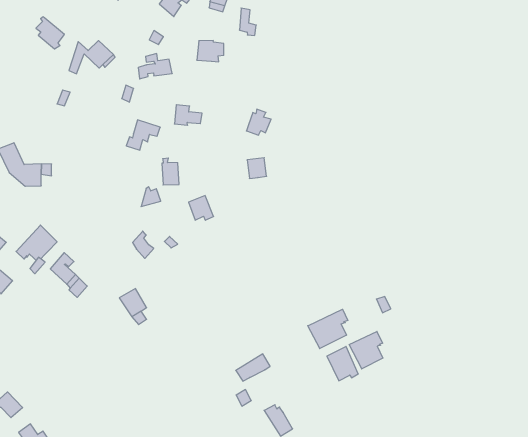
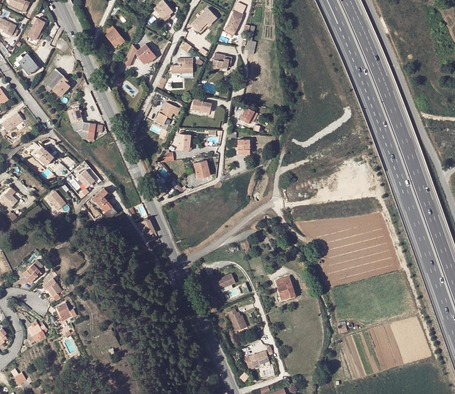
building: [308,309,348,349] -> none
building: [349,331,383,369] -> none

